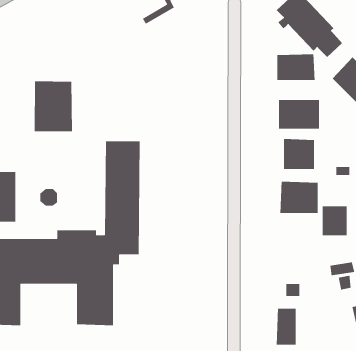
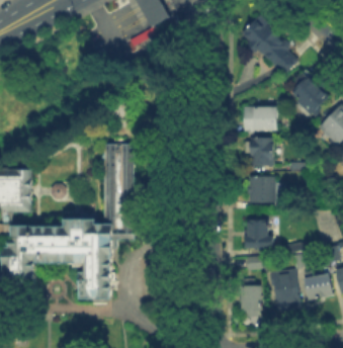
building: [277,53,316,81] -> none
building: [34,80,73,132] -> none
building: [322,206,347,236] -> [249,223,270,248]
building: none -> [272,269,304,311]

